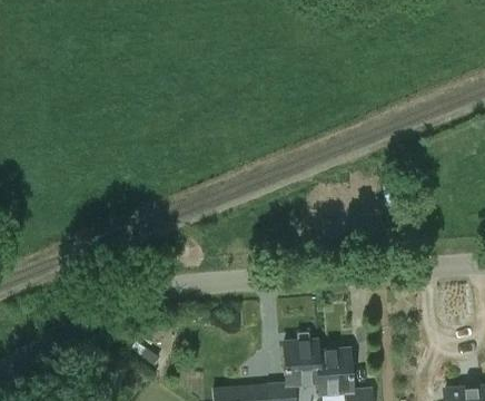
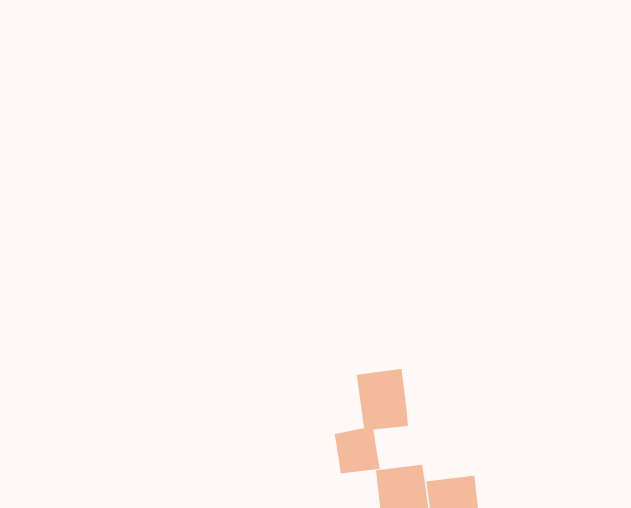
building: none -> [334,368,409,474]

